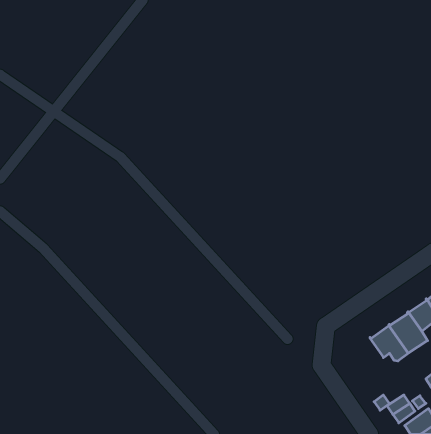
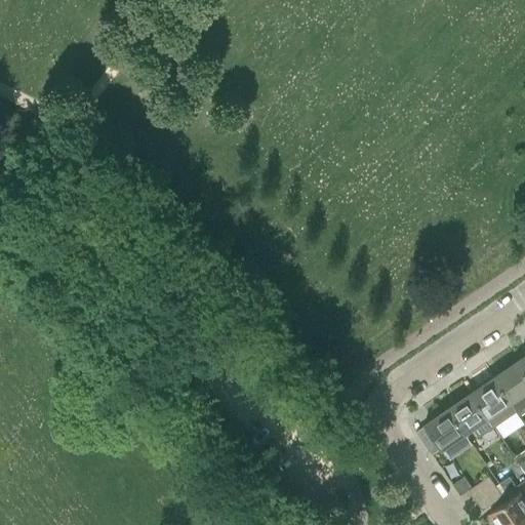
building: none -> [418,408,467,455]

